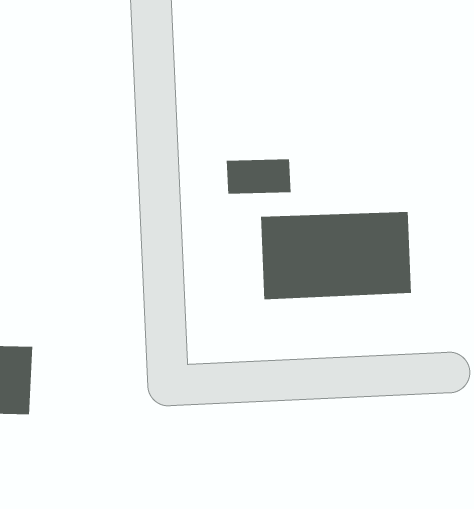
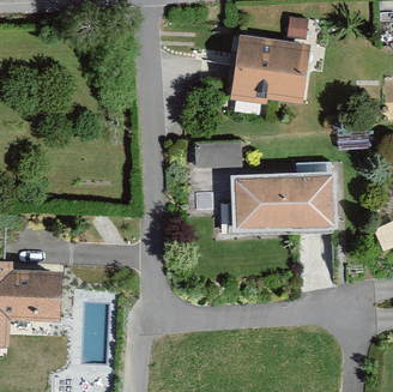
building: none -> [228,34,310,107]

